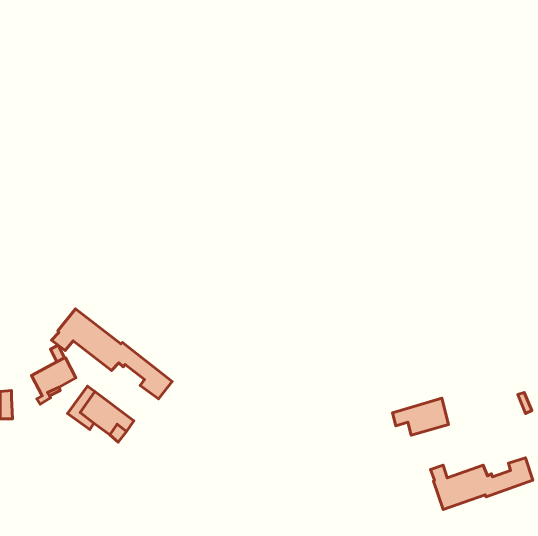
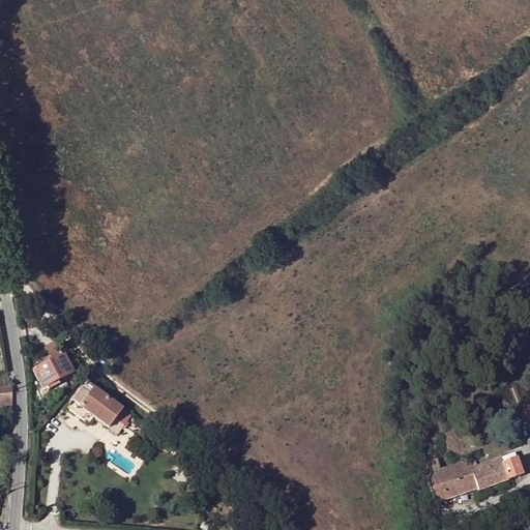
building: [52,309,172,399] -> none
building: [393,398,448,435] -> none

